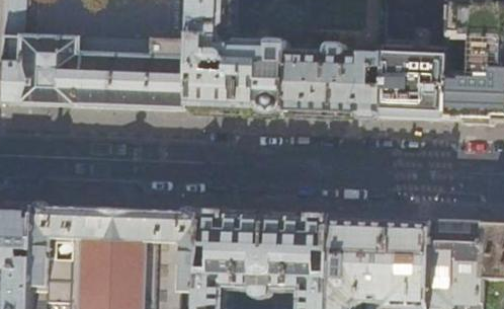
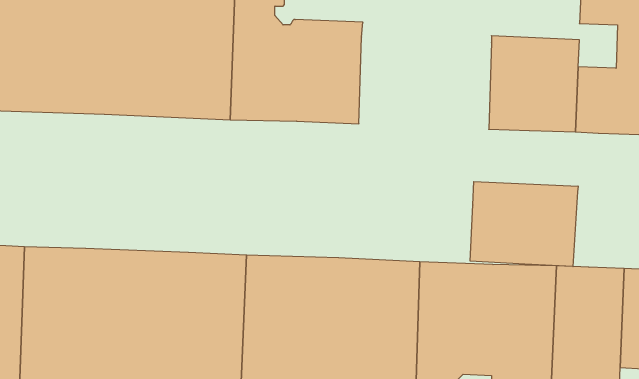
building: [284,43,384,118] -> none
building: none -> [470,182,578,267]

